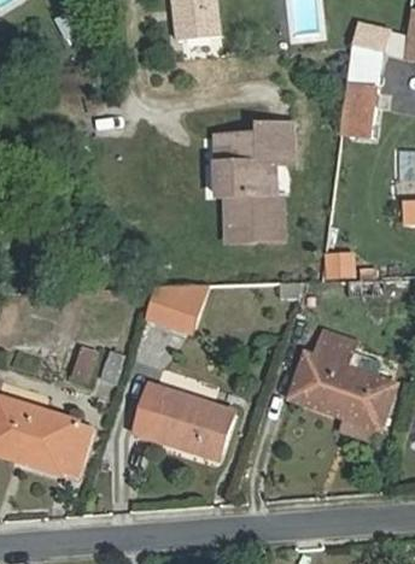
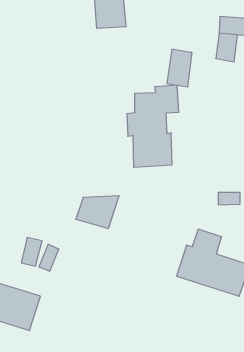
building: [339,84,375,139] -> [167,49,192,87]
building: [134,384,233,457] -> none

